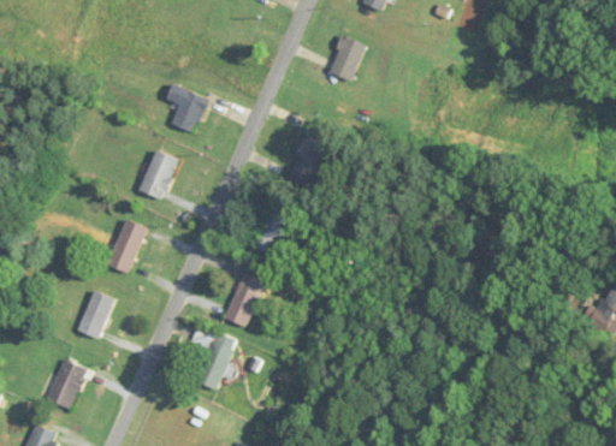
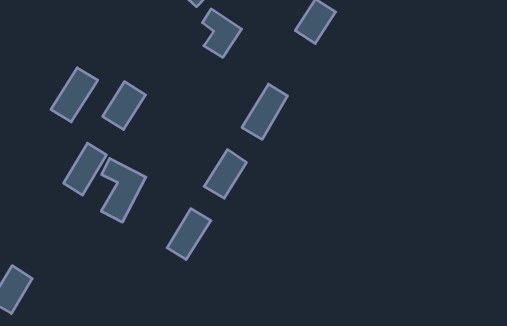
building: [165,83,207,132] -> [202,9,242,57]
building: none -> [51,68,98,122]
building: [75,290,114,339] -> none
building: [189,325,236,389] -> [101,158,146,222]

